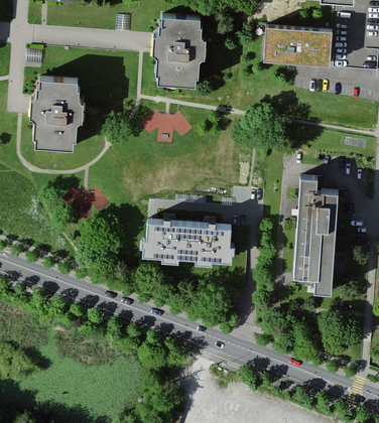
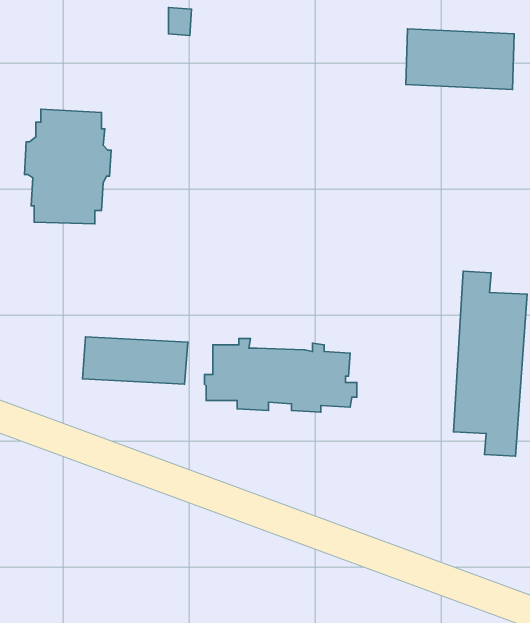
building: [154,14,207,85] -> none
building: none -> [82,337,188,384]

